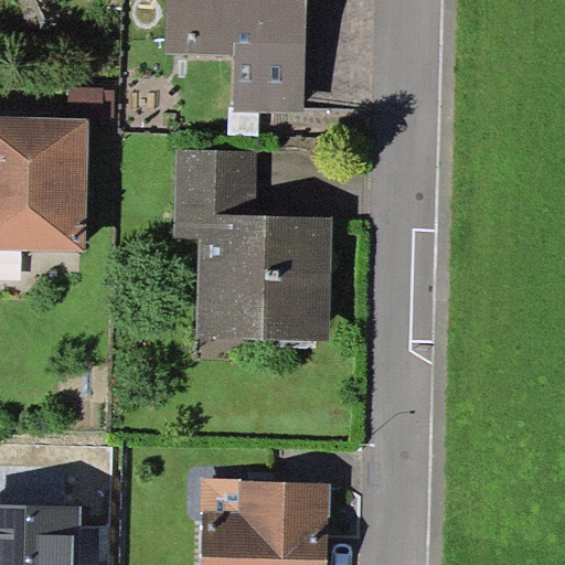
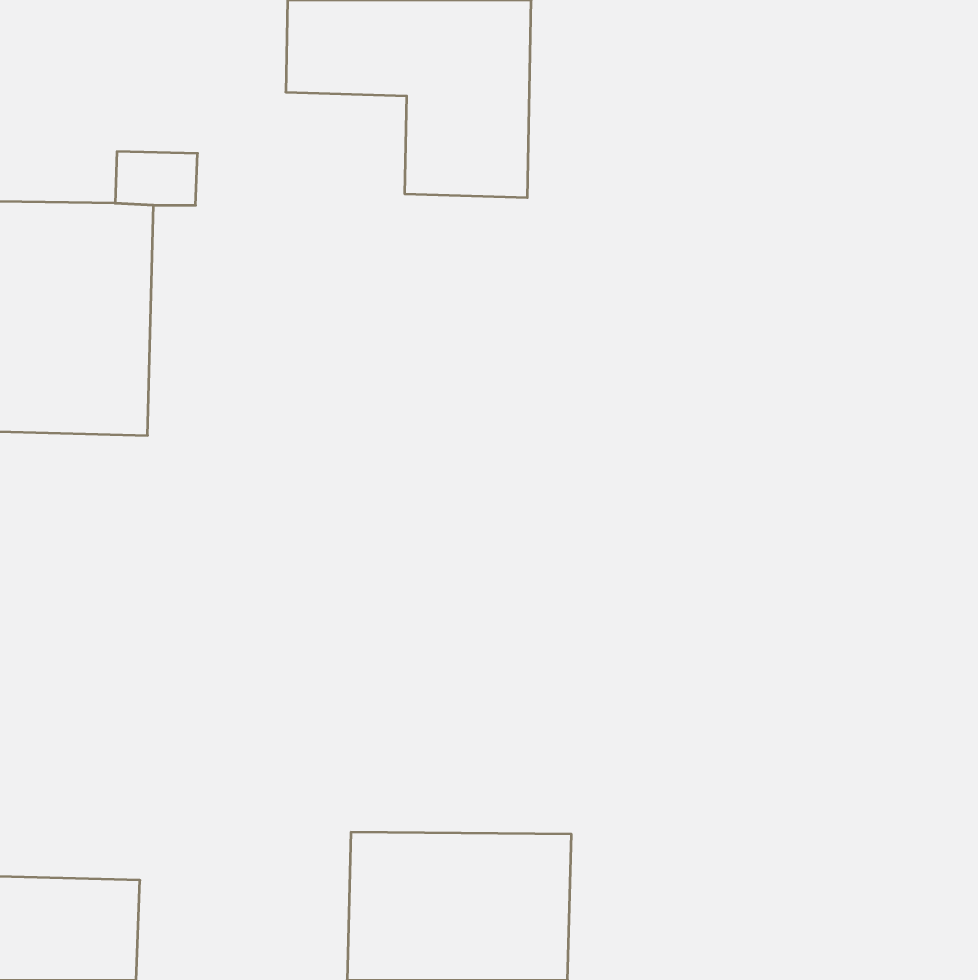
building: [173,150,332,341] -> none

